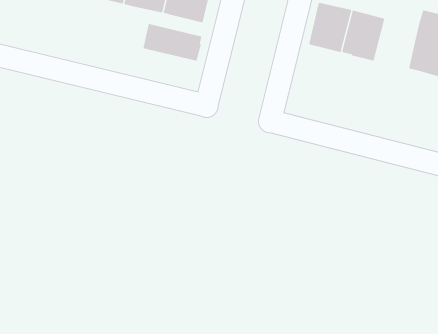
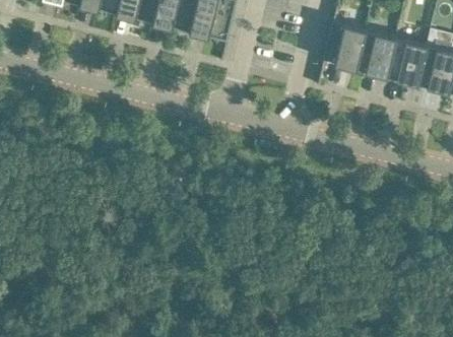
building: none -> [386,39,427,85]
building: [143,23,203,62] -> none

